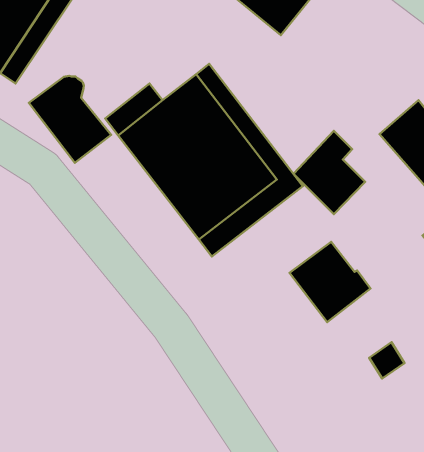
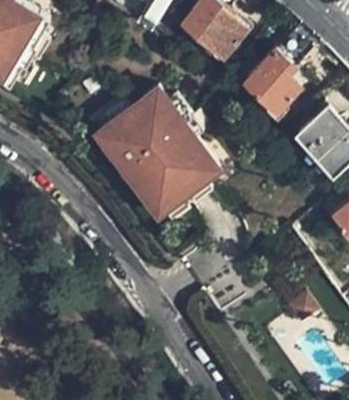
building: [29,76,111,163] -> none
building: [294,131,365,214] -> [242,48,297,112]
building: [289,242,371,322] -> none

